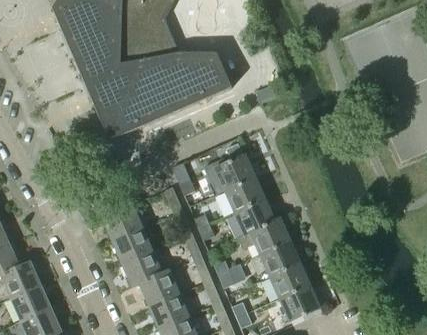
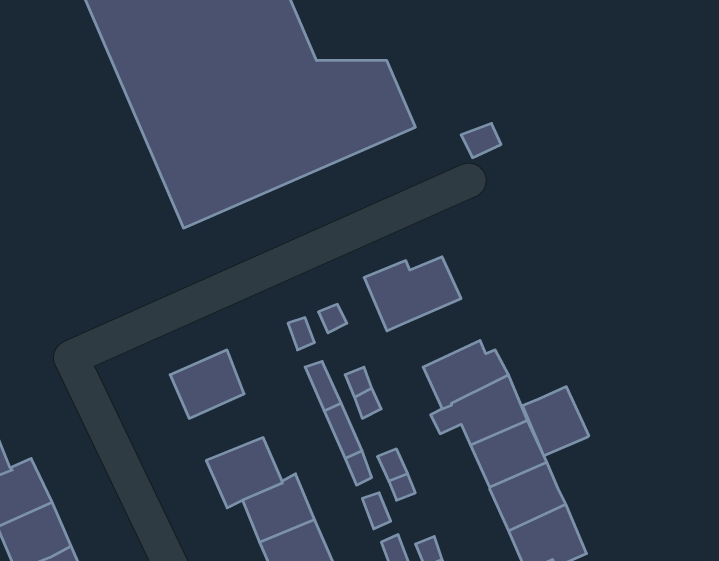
building: [225,177,265,213] -> none
building: none -> [523,387,589,456]
building: [112,227,151,262] -> none

